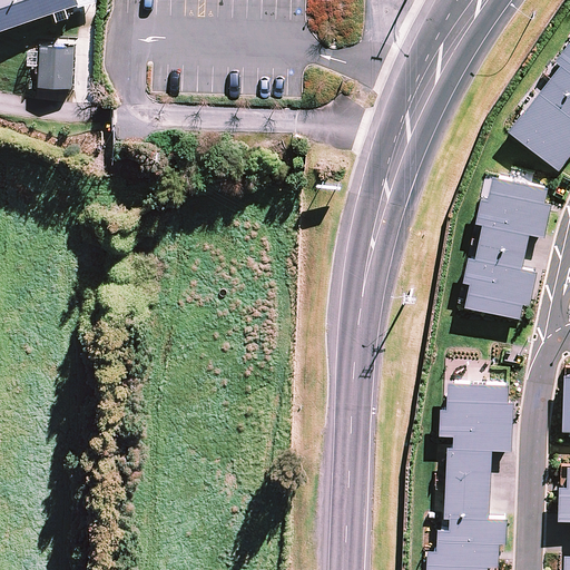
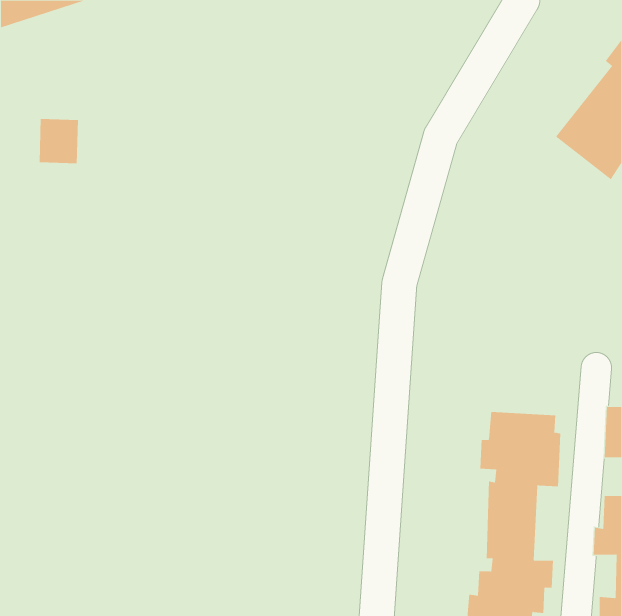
building: [38,49,75,90] -> [39,119,79,164]
building: [462,176,551,318] -> none

